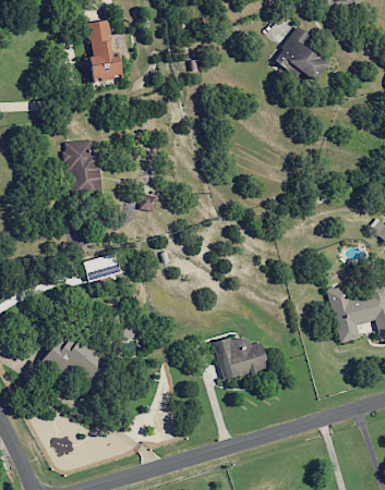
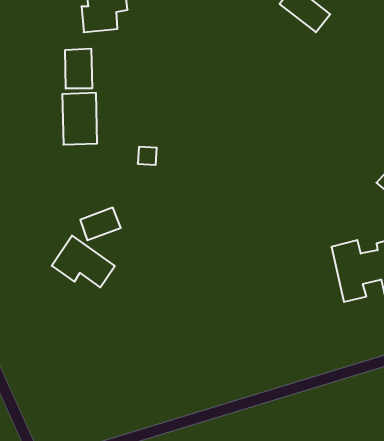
building: none -> [65,49,92,89]
building: [41,330,103,380] -> [52,236,115,287]
building: [213,334,267,380] -> none

